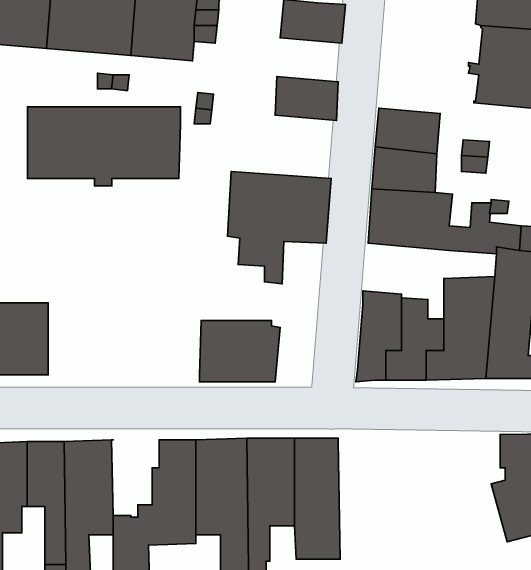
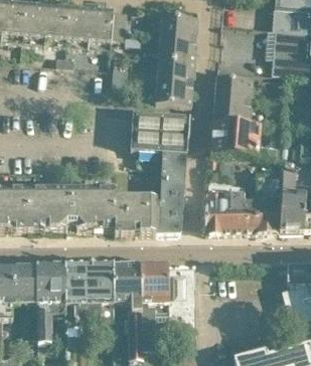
building: none -> [160,32,197,57]
building: [28,107,181,186] -> [29,184,117,229]
building: none -> [157,76,194,101]
building: none -> [159,149,188,229]
building: none -> [65,262,93,307]

